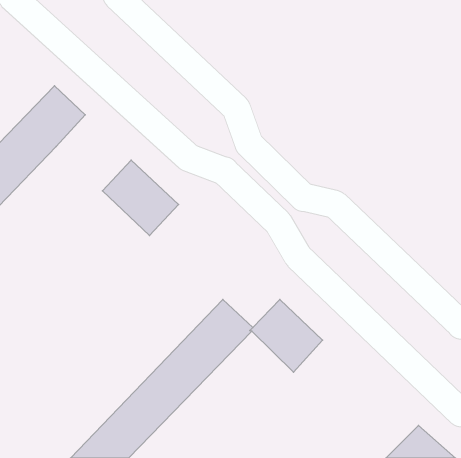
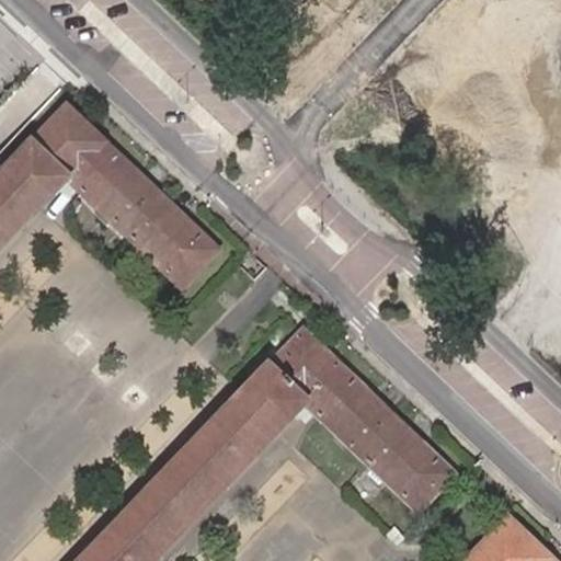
building: none -> [68,139,159,231]
building: none -> [270,329,339,397]
building: none -> [355,412,454,511]

